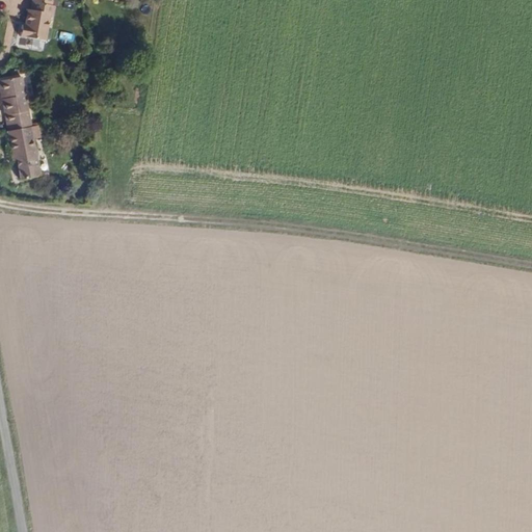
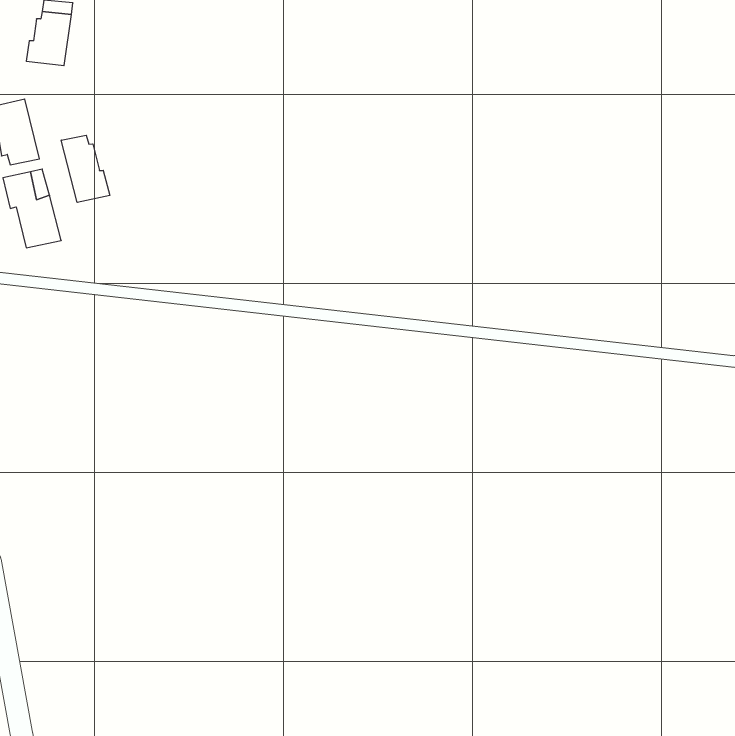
building: none -> [61,135,110,202]

